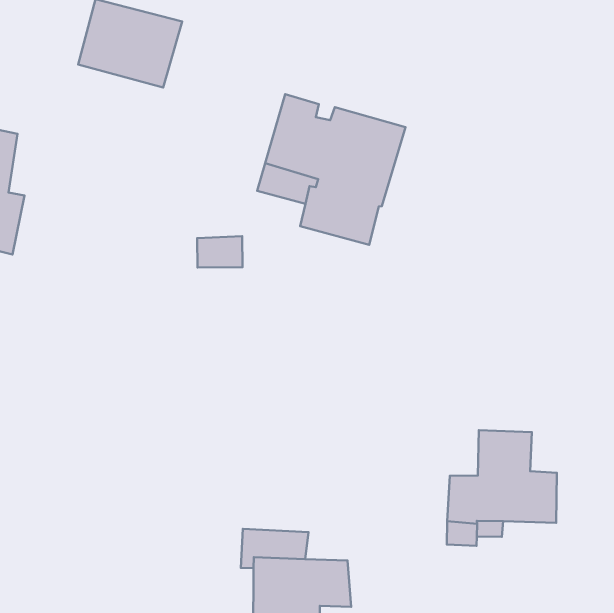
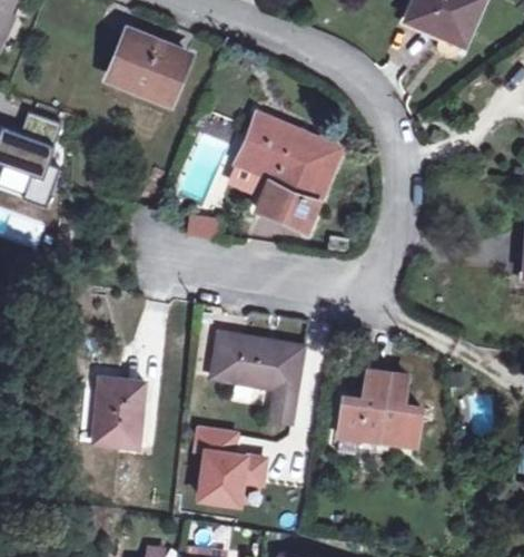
building: none -> [211,333,304,421]
building: none -> [93,378,145,446]

